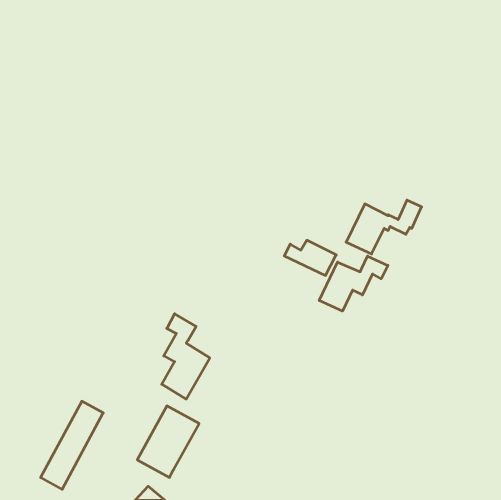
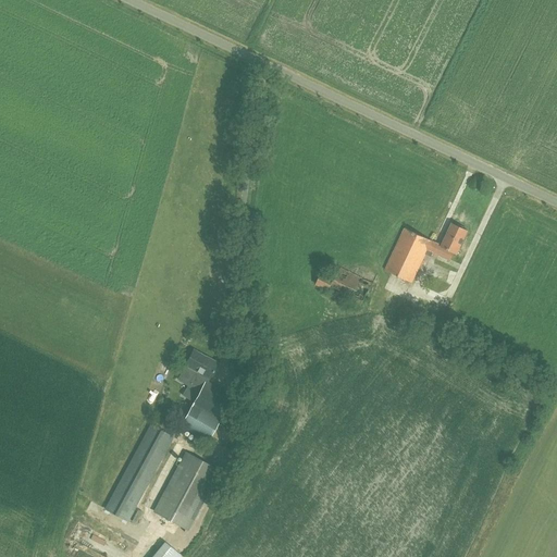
building: [319,256,388,311] -> none
building: [41,401,103,489] -> [104,423,174,521]

